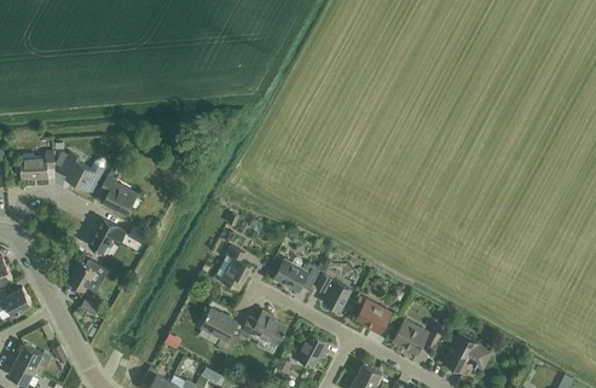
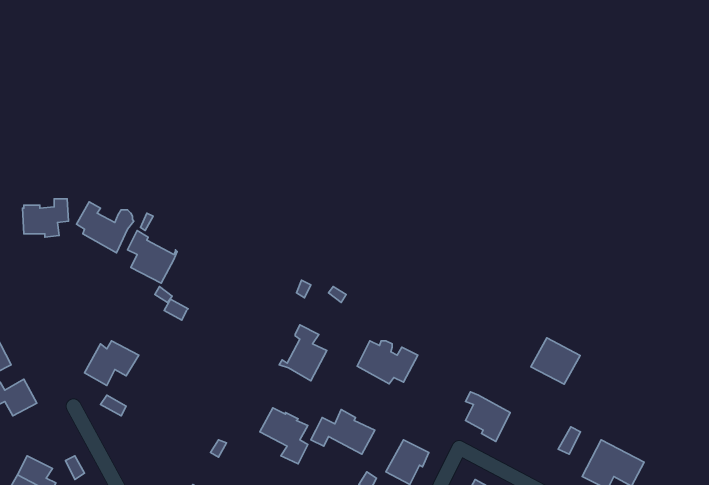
building: [89,220,125,253] -> none
building: [317,274,349,312] -> none
building: [392,319,429,354] -> [531,338,580,384]

